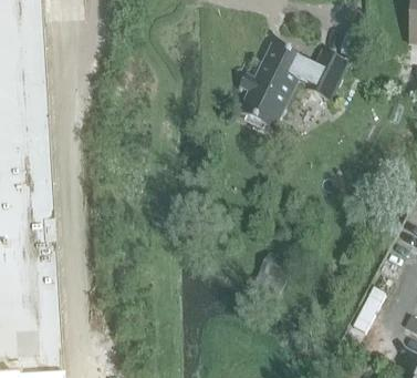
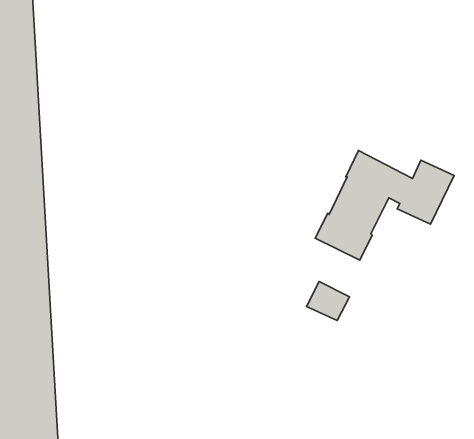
building: [237,40,347,127] -> [315,151,454,260]

